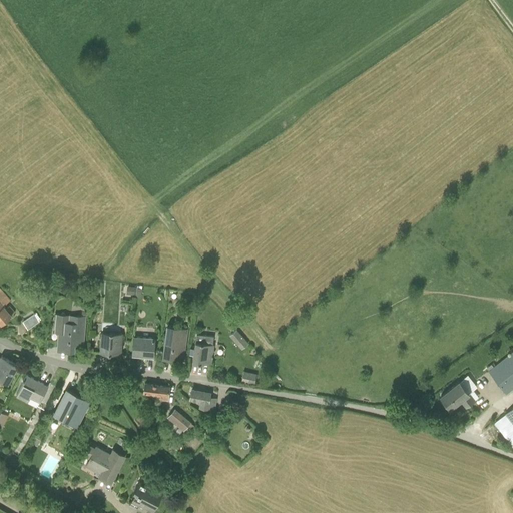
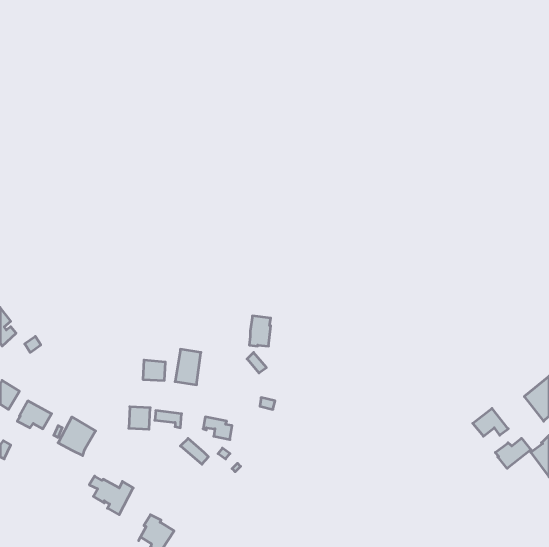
building: [55,315,85,351] -> none
building: [101,334,121,355] -> [129,407,150,429]
building: [193,336,213,364] -> [249,316,271,346]
building: none -> [495,438,531,468]

